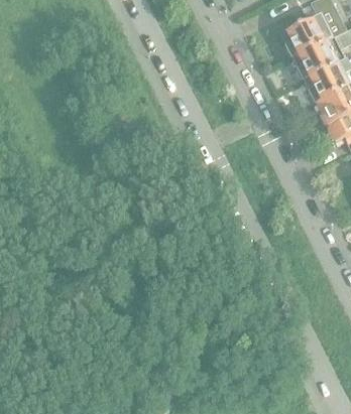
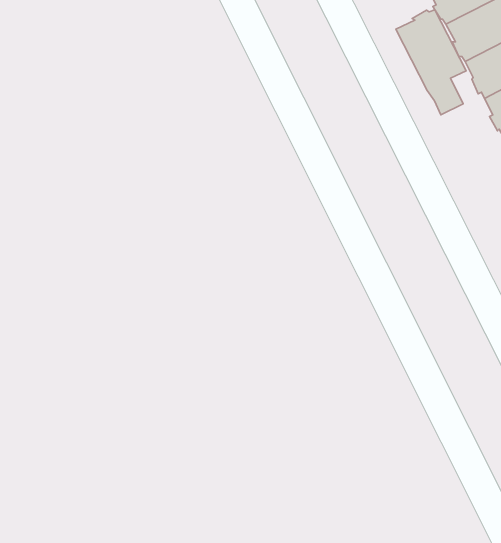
building: none -> [396,10,466,115]

